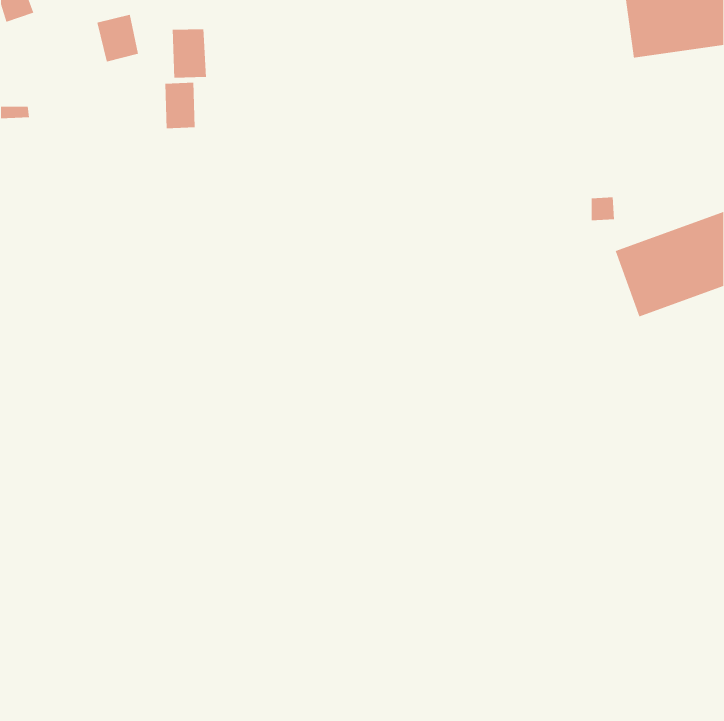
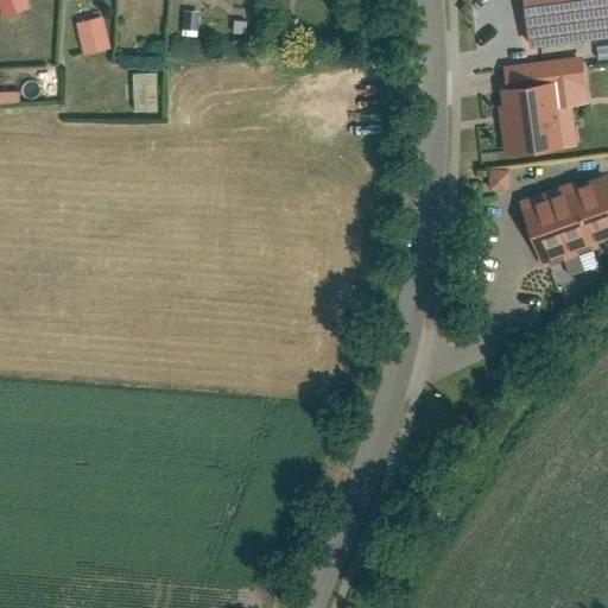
building: [172,28,207,79] -> none
building: none -> [489,56,591,152]

